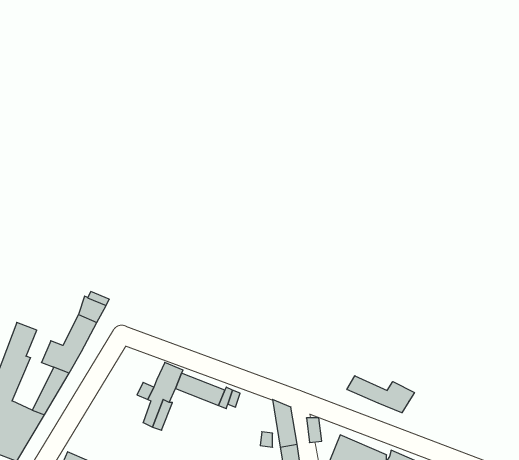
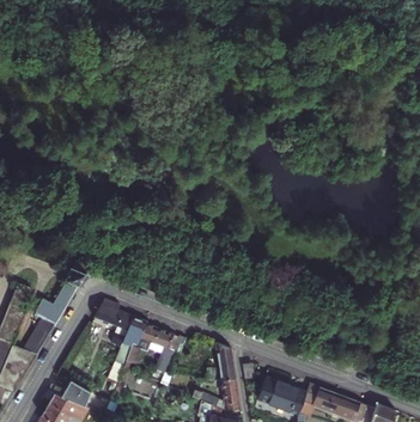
building: none -> [92,299,130,328]
building: [347,376,414,413] -> none

